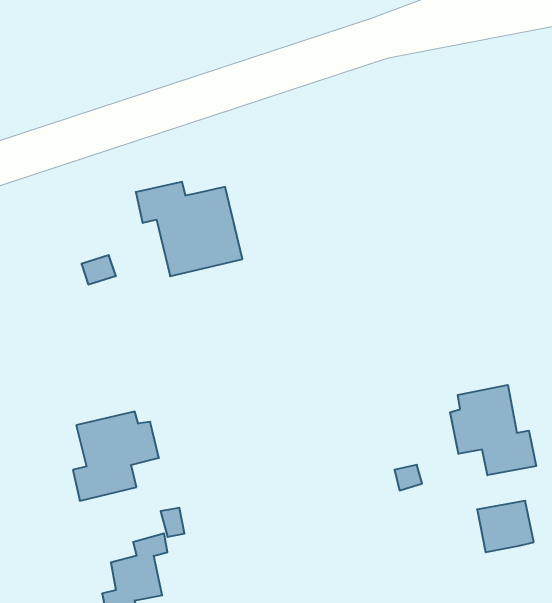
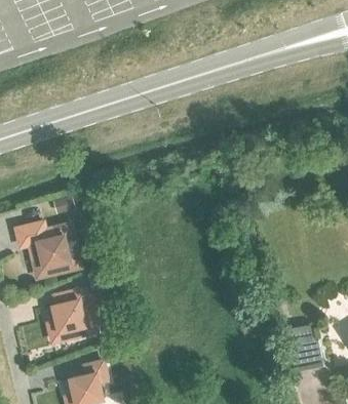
building: [136,182,242,276] -> [15,219,79,276]
building: [450,385,536,475] -> none

